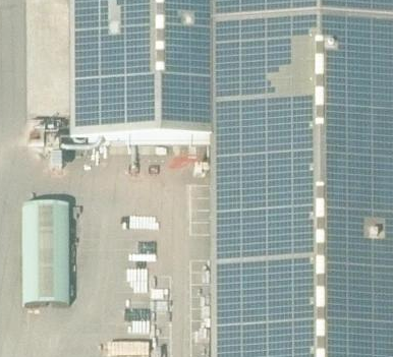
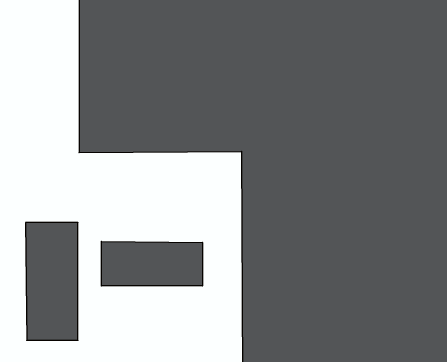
building: none -> [101,241,202,286]

